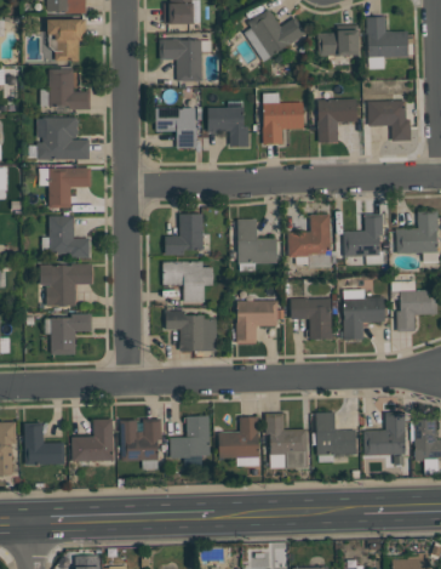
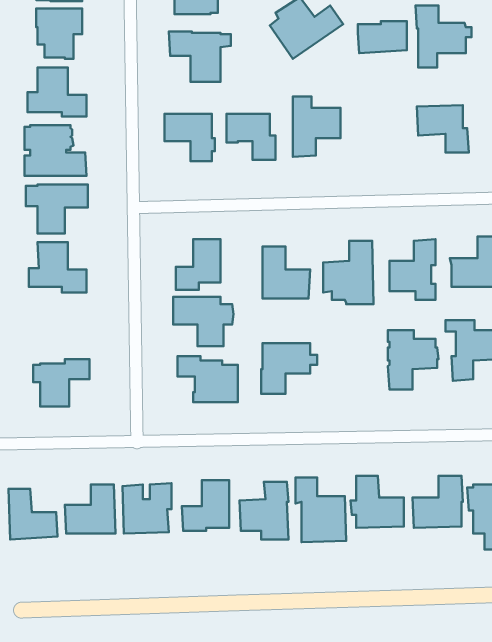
building: [317,99,357,142] -> none
building: [40,264,92,307] -> none
building: [290,298,332,338] -> none

